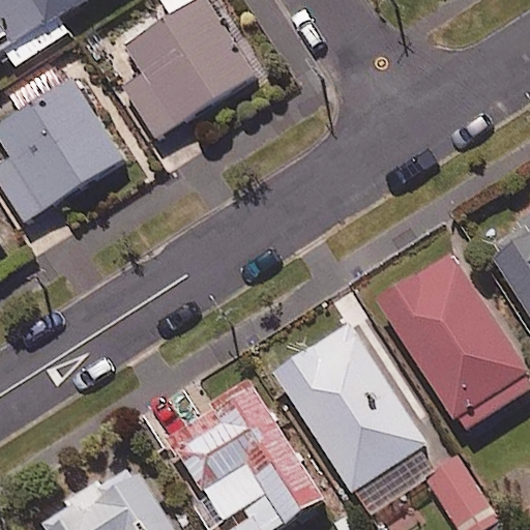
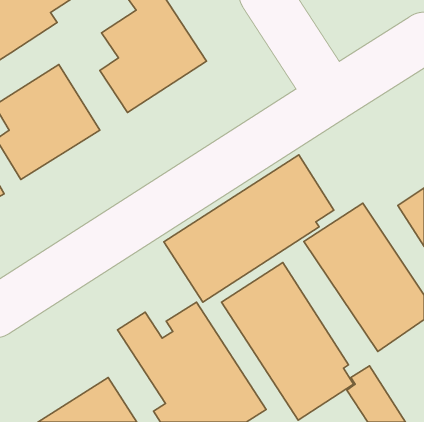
building: none -> [164,155,334,302]

